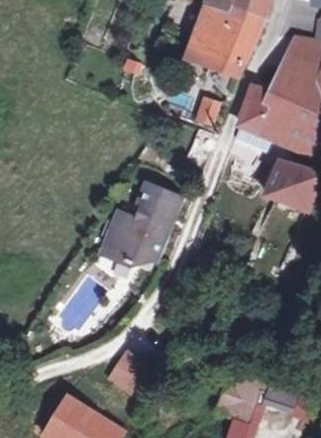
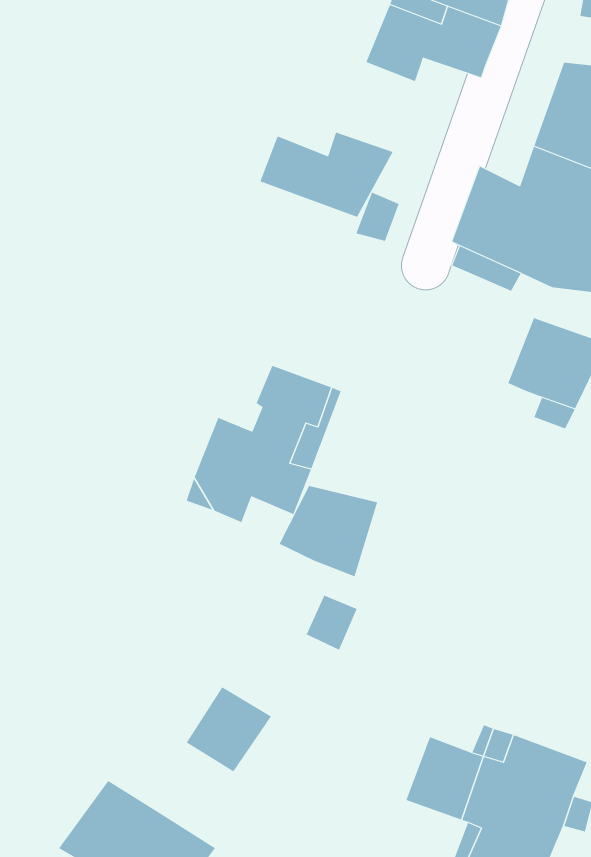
building: [186,30,253,74] -> [260,132,393,218]
building: none -> [279,485,378,577]

